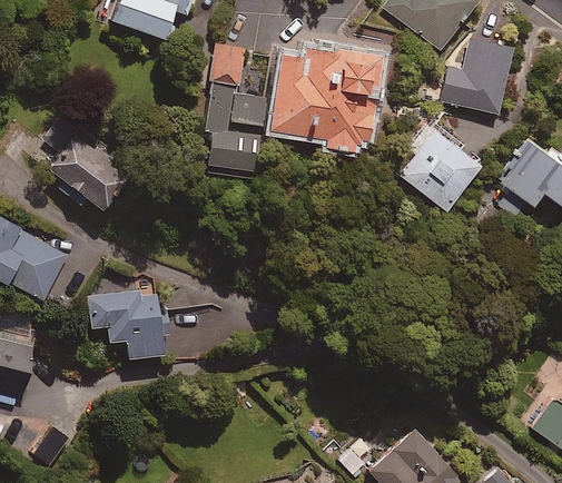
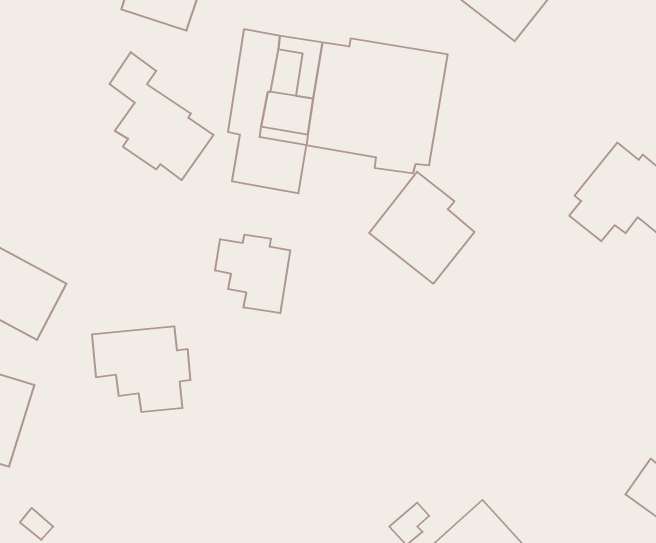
building: [441,34,514,114] -> none
building: [43,109,130,216] -> [109,52,214,180]
building: [393,118,481,211] -> [369,172,474,284]
building: none -> [215,235,290,313]

